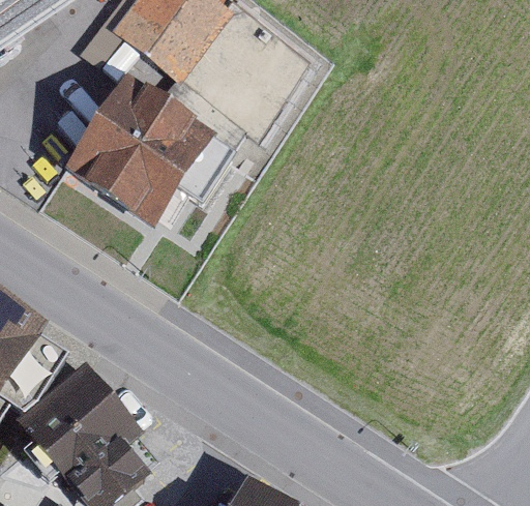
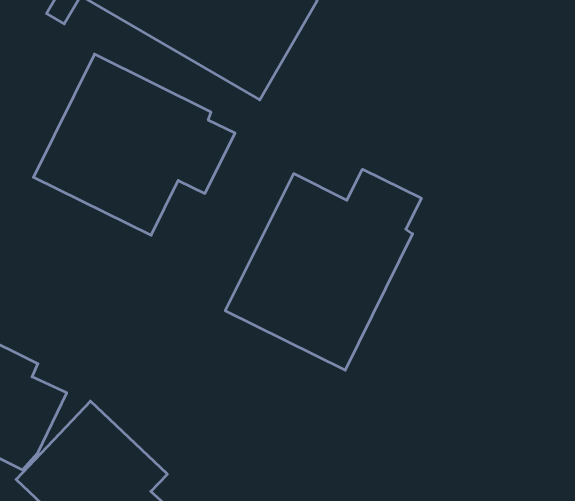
building: none -> [225,169,421,370]

